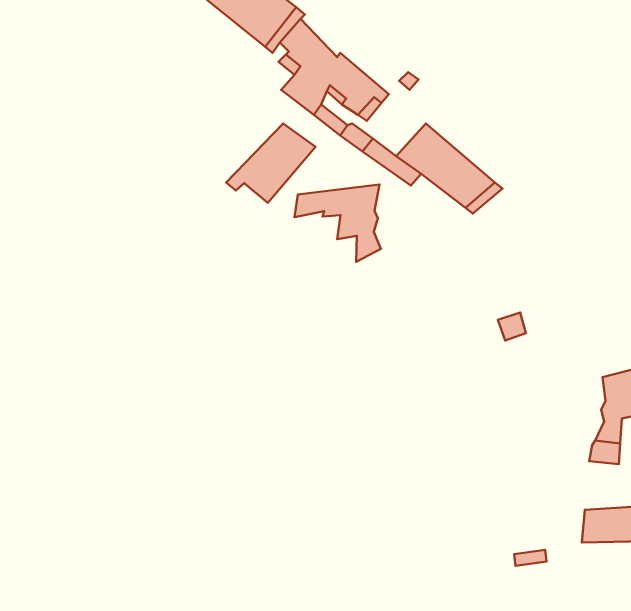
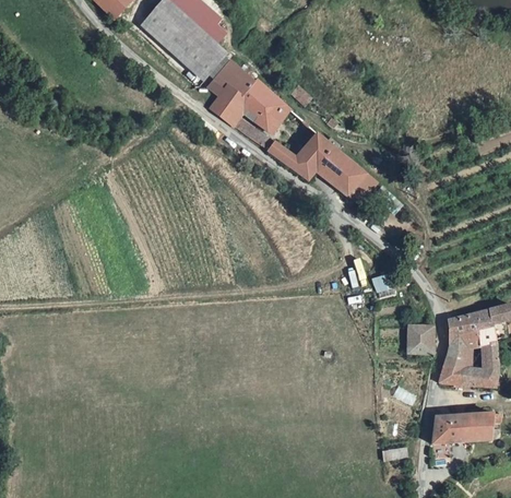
building: [226,124,316,203] -> none
building: [295,185,381,262] -> none
building: none -> [405,324,435,352]

